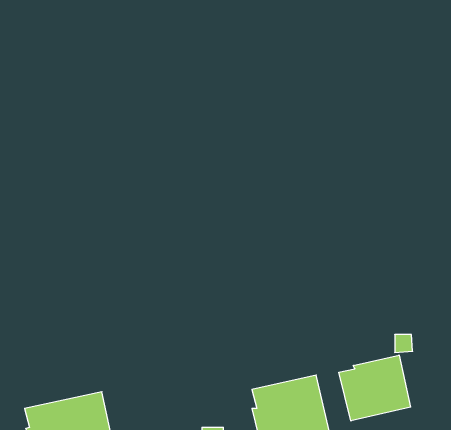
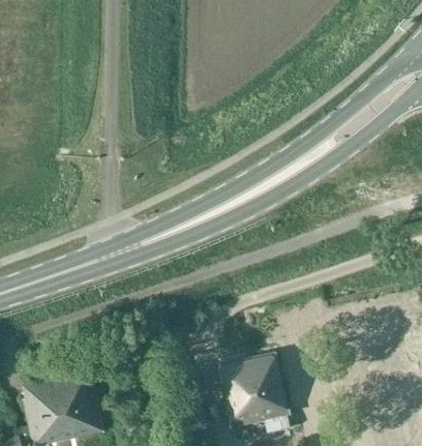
building: [339,355,411,421] -> none

